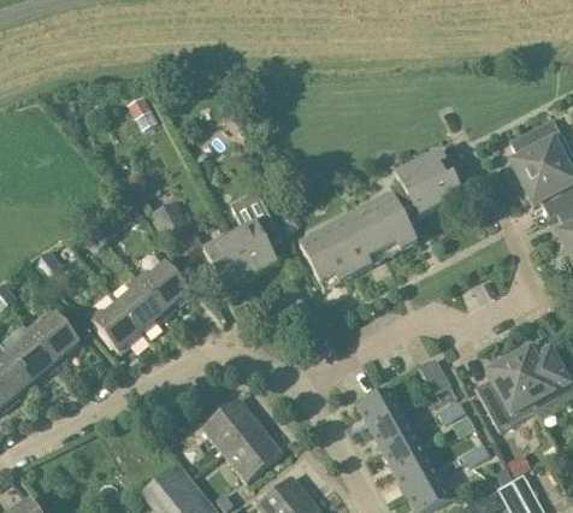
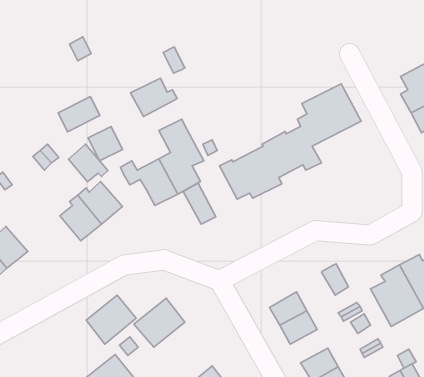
building: none -> [130,78,177,117]
building: none -> [58,97,100,132]
building: none -> [69,144,108,182]
building: none -> [183,183,216,224]
building: [88,301,140,350] -> none
building: [224,424,282,480] -> [86,295,136,344]
building: [382,432,425,471] -> none

